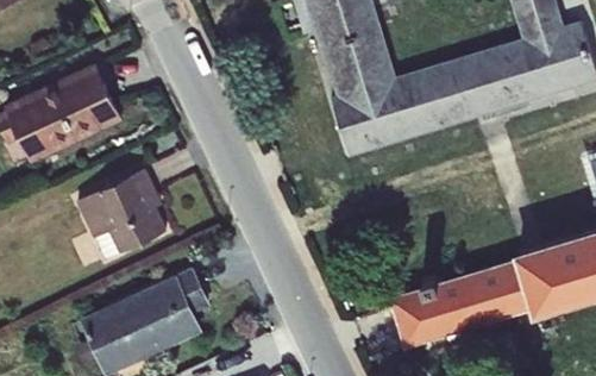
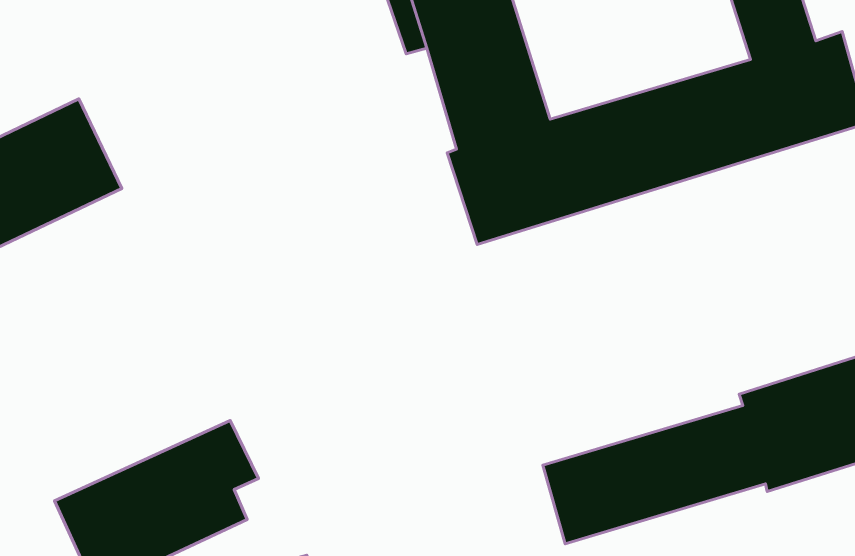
building: [76,170,167,261] -> none

